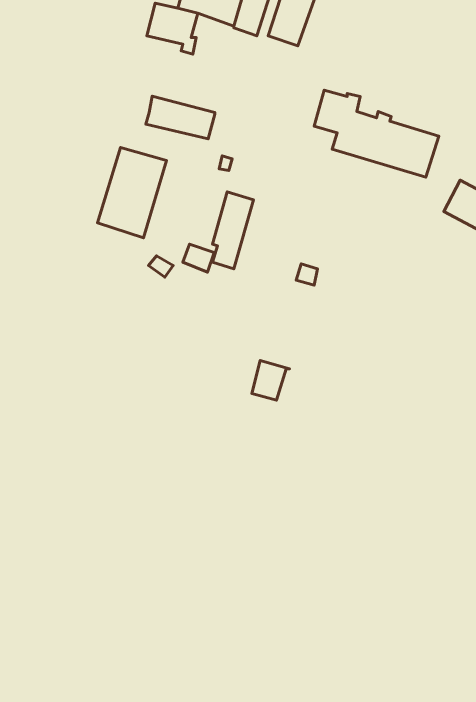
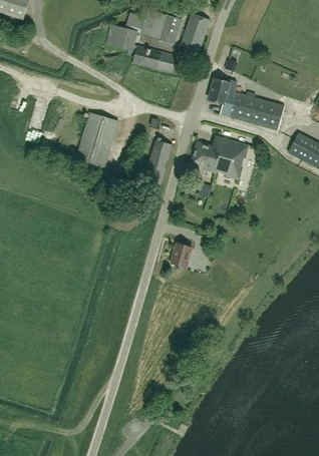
building: [146,96,215,139] -> [132,45,175,71]
building: none -> [192,135,249,179]

